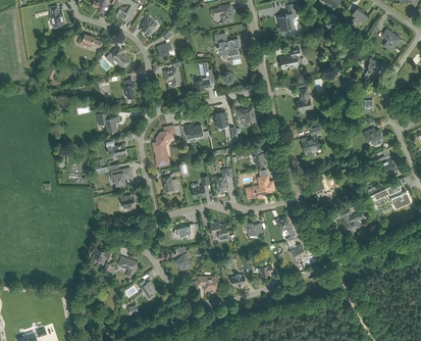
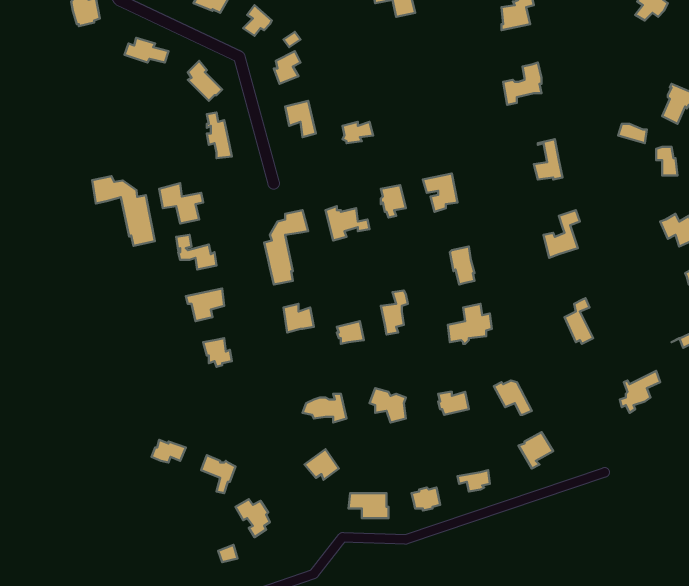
building: [214,33,242,64] -> none
building: none -> [92,176,155,246]

